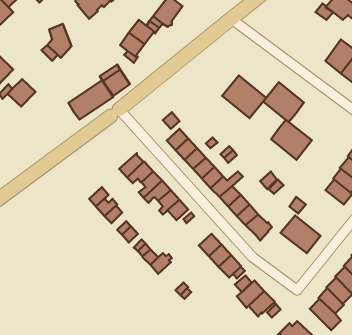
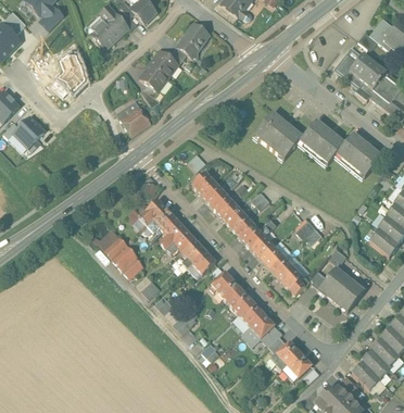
building: none -> [336,53,386,96]
building: [68,80,113,120] -> none
building: [271,120,312,160] -> [336,133,381,177]
building: none -> [209,272,241,302]

